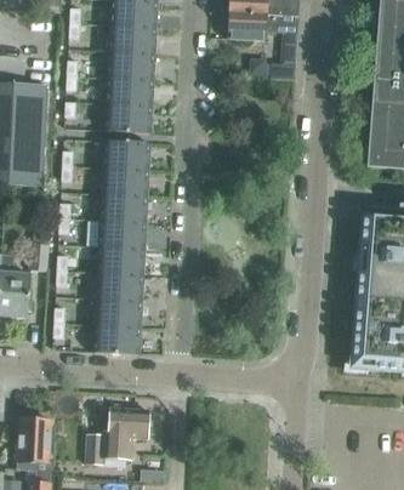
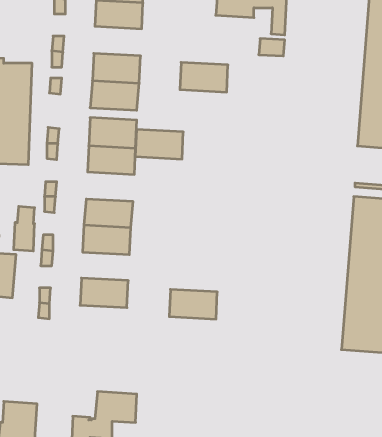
building: [108,49,155,78] -> [180,62,228,92]
building: [101,192,148,221] -> [135,129,183,159]
building: [96,270,143,298] -> none
building: [93,323,141,352] -> [169,289,217,319]

